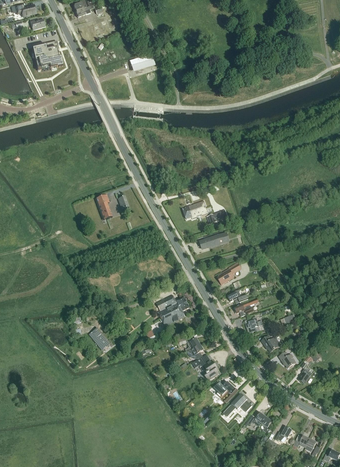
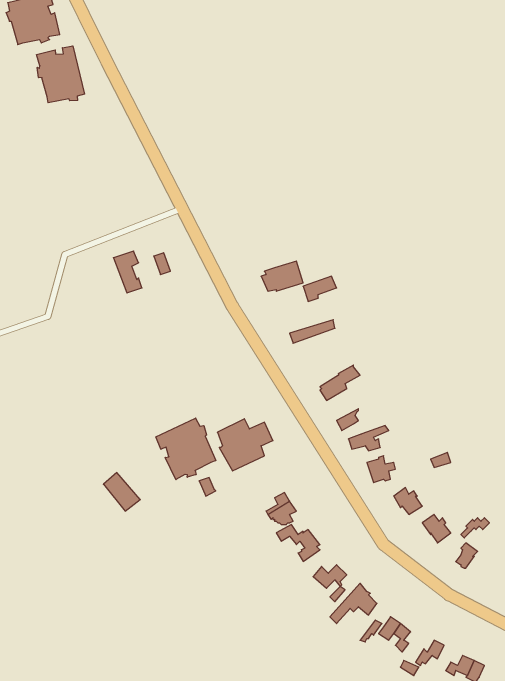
building: none -> [37,46,84,103]
building: none -> [156,418,216,480]

